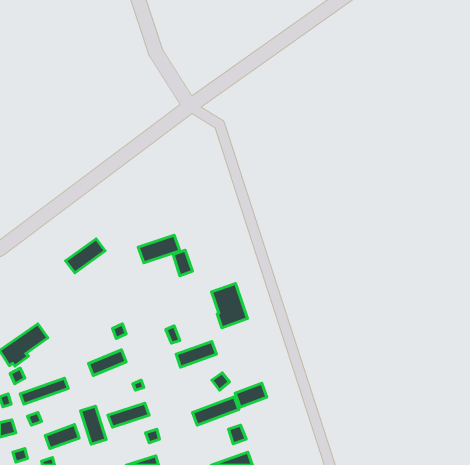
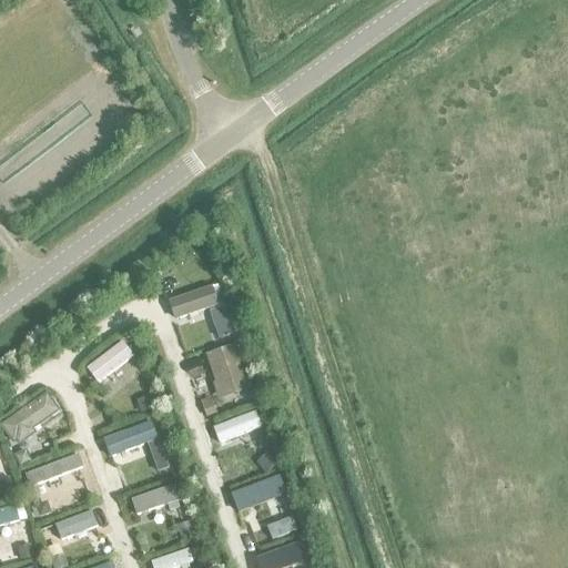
building: [66,239,105,273] -> [84,342,132,383]
building: [212,284,248,328] -> [205,339,248,393]
building: [235,383,267,407] -> none
building: [81,406,106,444] -> none

